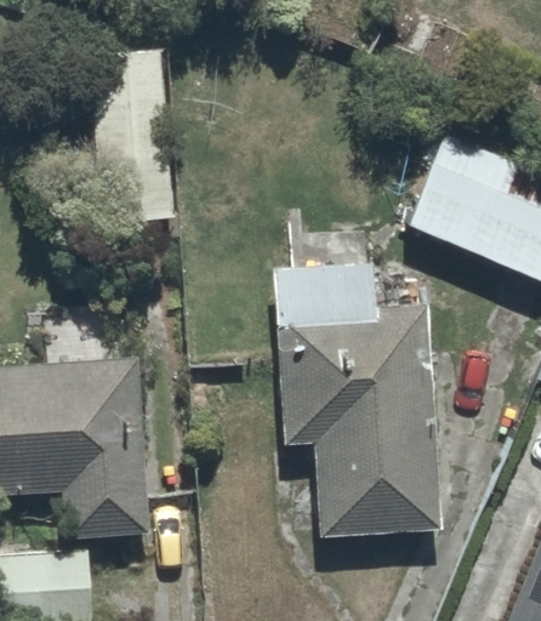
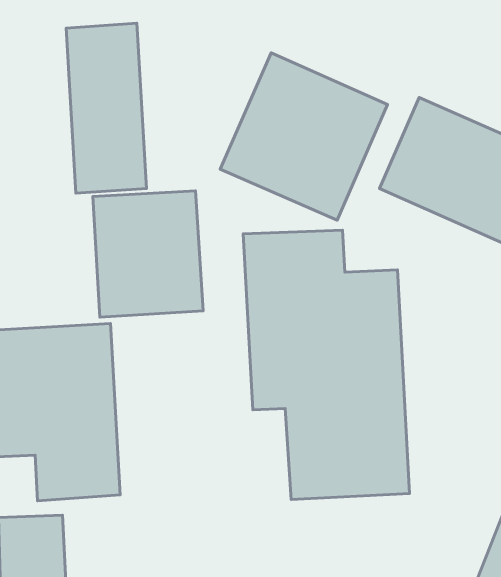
building: none -> [220,53,387,220]
building: none -> [93,191,203,317]

